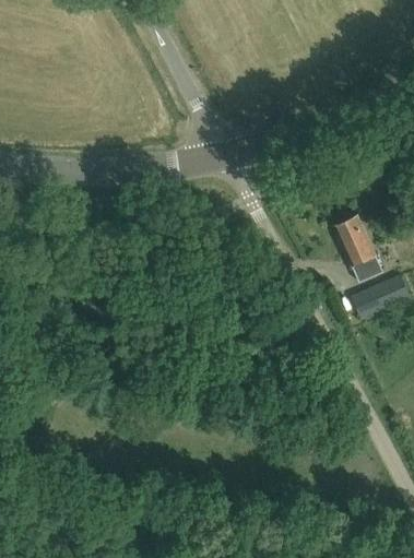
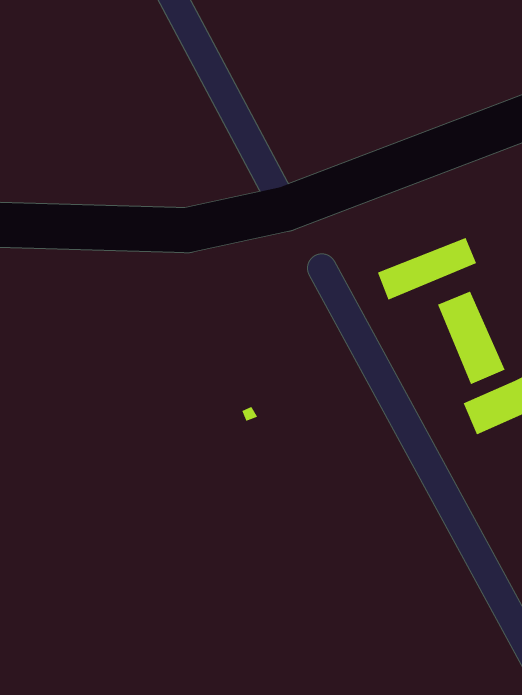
building: none -> [377,237,477,300]

